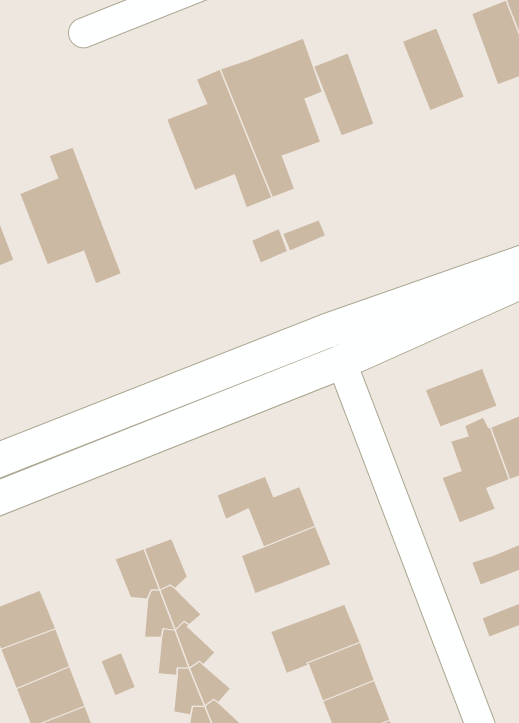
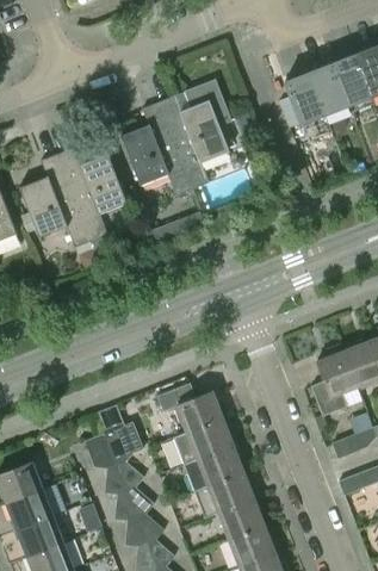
building: [314,53,374,136] -> [308,64,349,122]
building: none -> [57,150,126,243]
building: [425,368,497,427] -> none
building: none -> [182,443,244,490]

